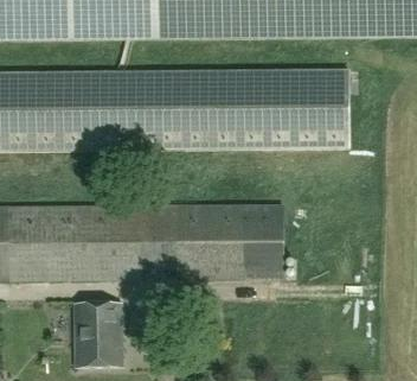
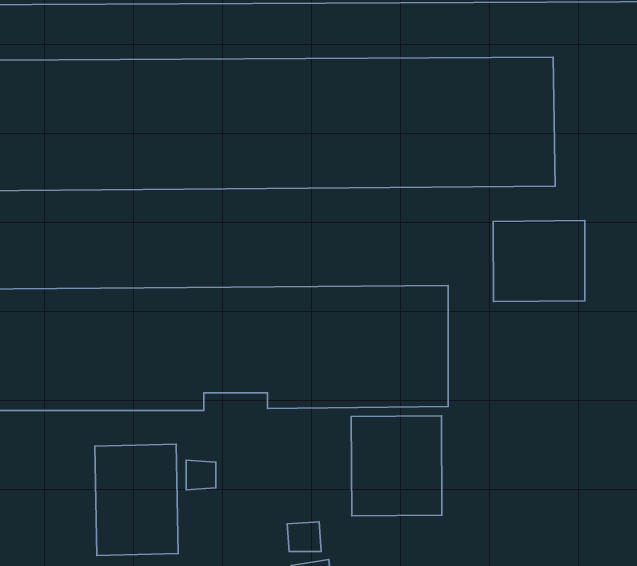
building: none -> [493,221,585,301]
building: none -> [351,416,442,516]

